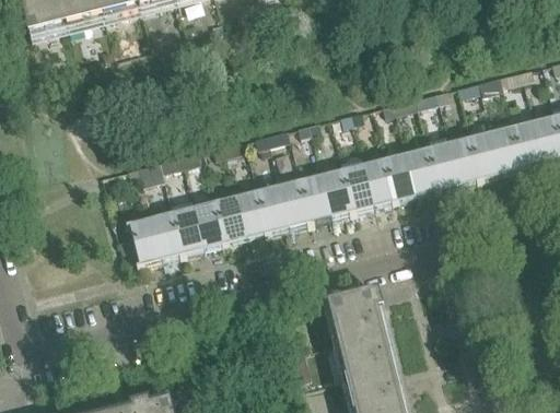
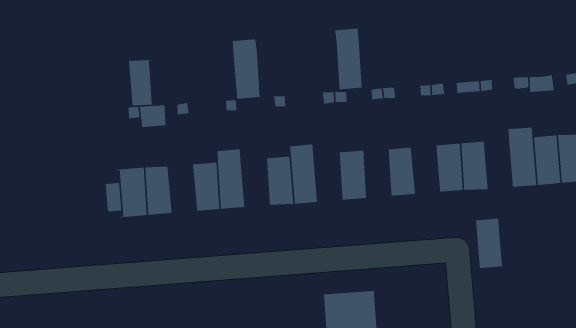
building: none -> [128,59,155,106]
building: [450,134,481,182] -> [475,218,503,269]
building: [341,151,375,209] -> [334,28,363,90]
building: [386,151,418,198] -> none
building: [301,172,332,220] -> none
building: [235,178,269,235] -> [232,38,260,100]
building: [174,204,206,251] -> none

